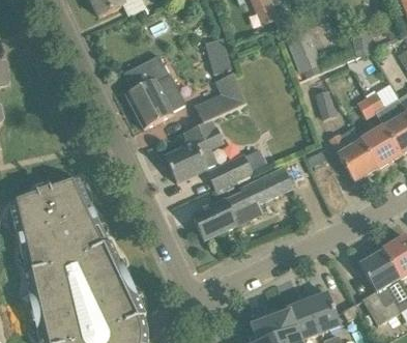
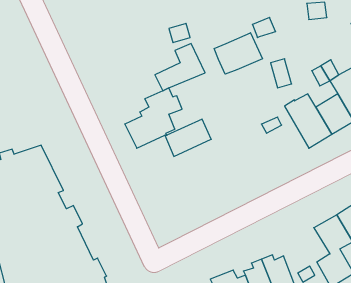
building: [123,54,185,128] -> none
building: none -> [214,33,262,74]
building: [191,165,292,239] -> none

